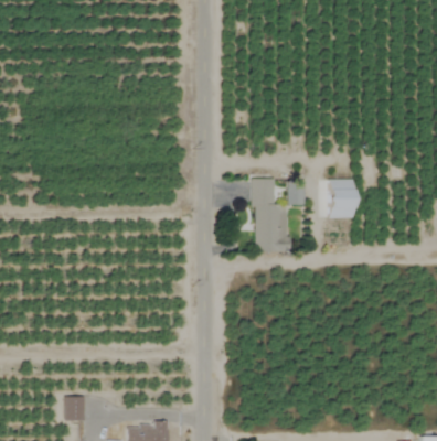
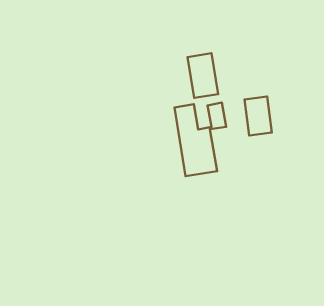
building: none -> [187,53,218,98]

